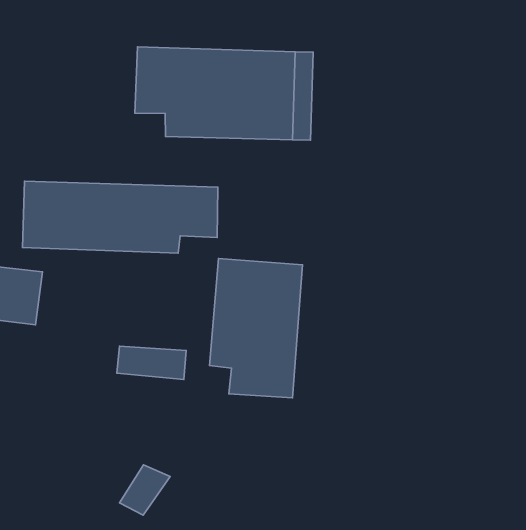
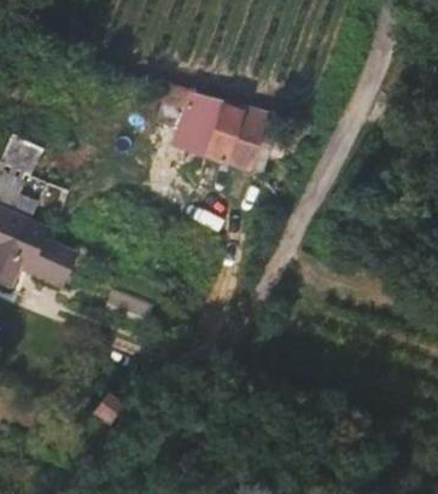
building: [22,181,218,253] -> none
building: [209,258,302,398] -> none

